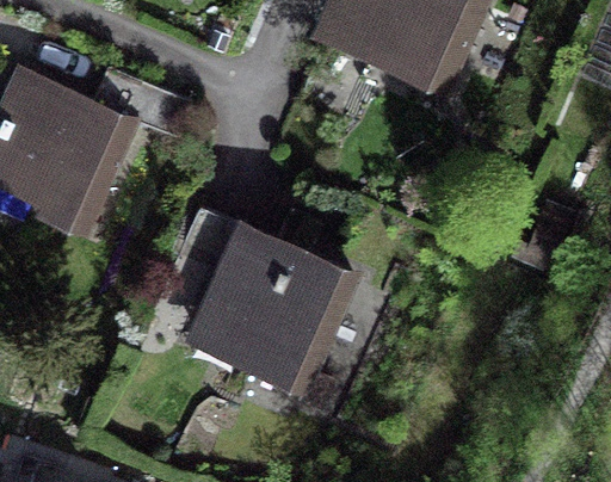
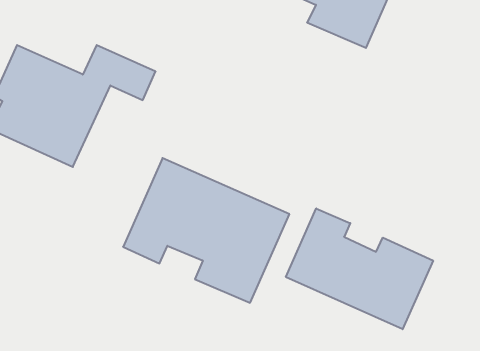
building: none -> [286,208,433,329]

